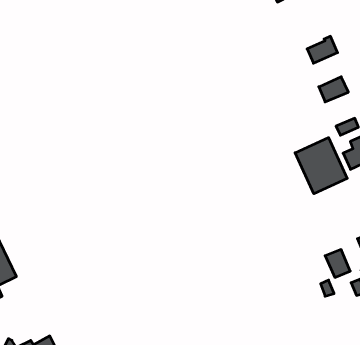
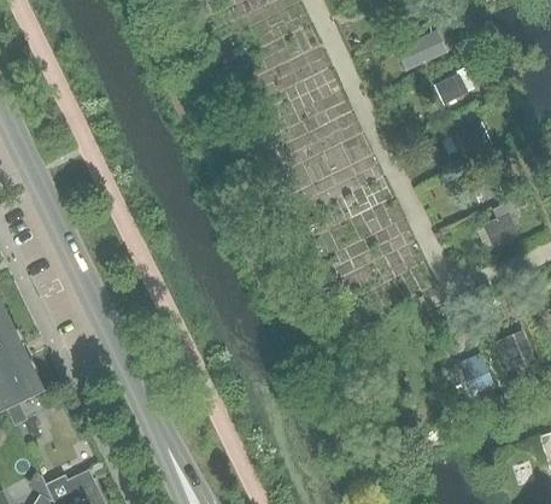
building: none -> [398,31,444,70]
building: [295,138,347,194] -> none

